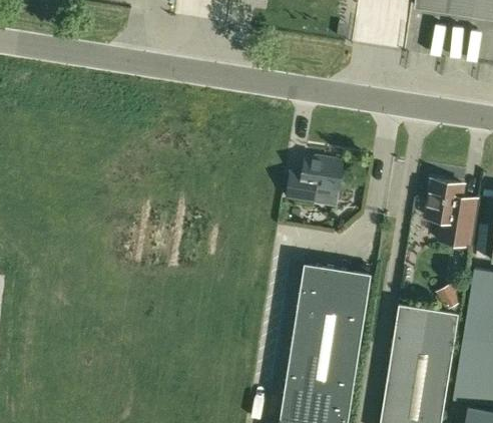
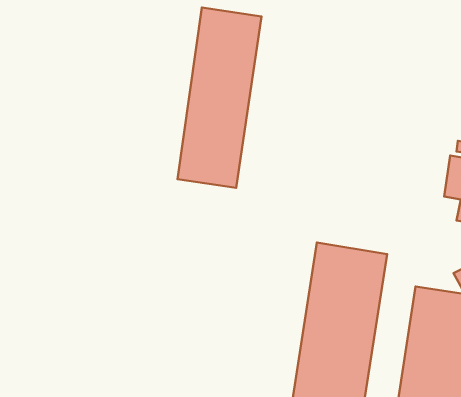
building: none -> [177,7,262,188]
building: [286,156,347,200] -> none

